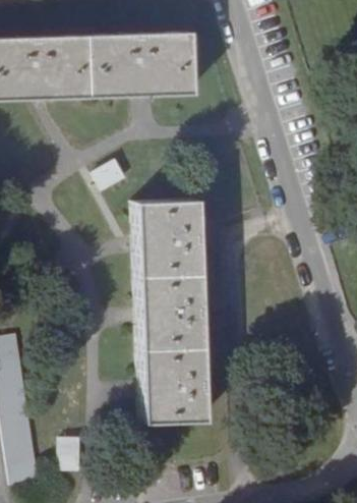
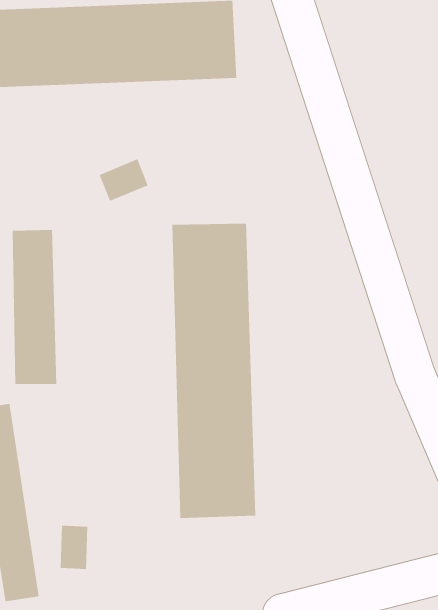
building: none -> [12,229,57,385]

